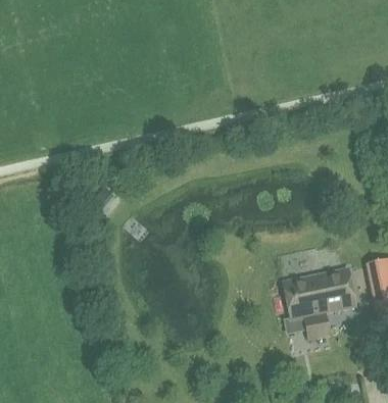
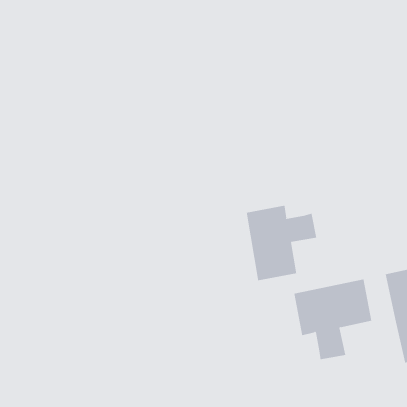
building: none -> [246,205,317,281]

